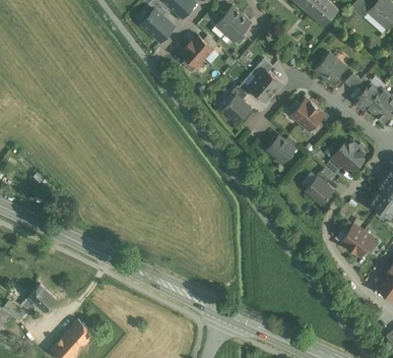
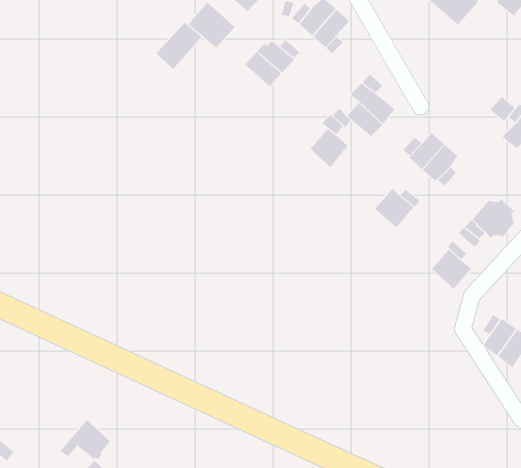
building: none -> [155,22,203,70]
building: [315,54,346,85] -> none
building: [21,285,56,312] -> [60,419,111,460]

